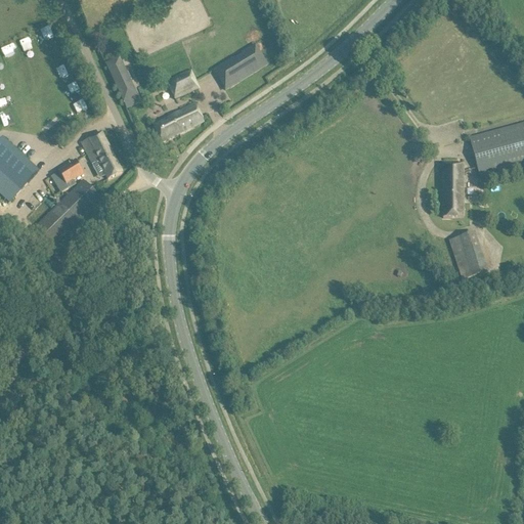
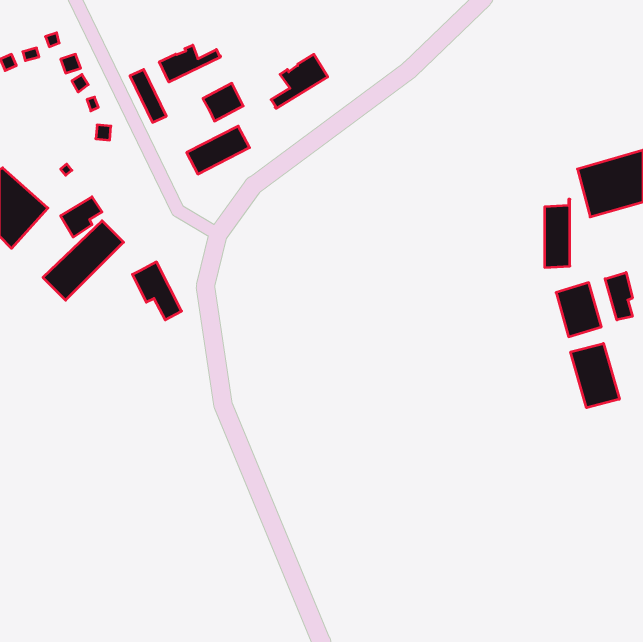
building: none -> [159,45,220,82]
building: [81,131,121,178] -> [132,262,182,320]
building: none -> [605,272,632,320]
building: none -> [571,343,619,408]

